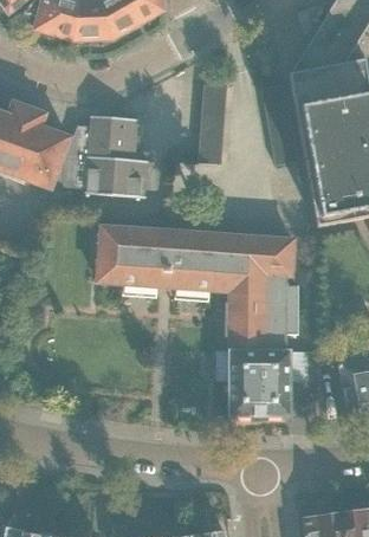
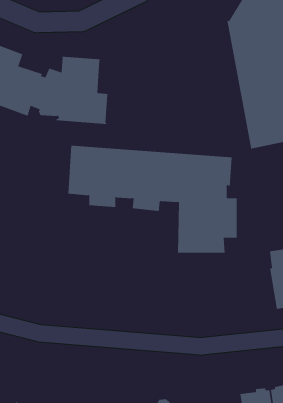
building: [200,83,228,161] -> none
building: [218,351,308,415] -> none

